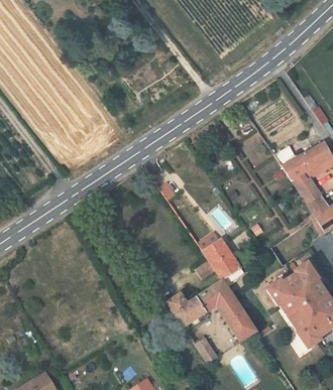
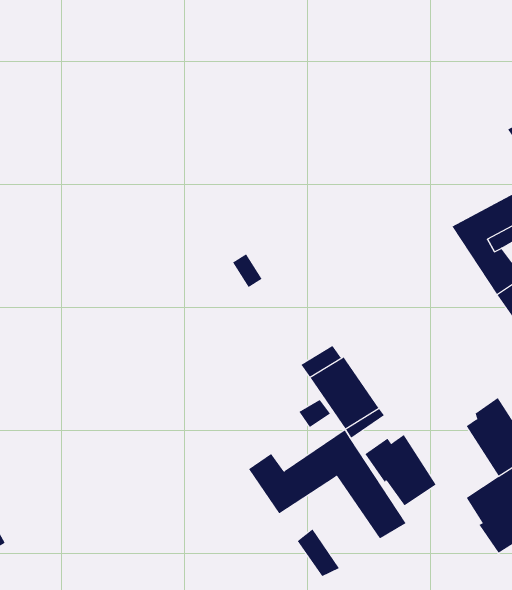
building: [267,277,308,317] -> [365,434,437,506]

